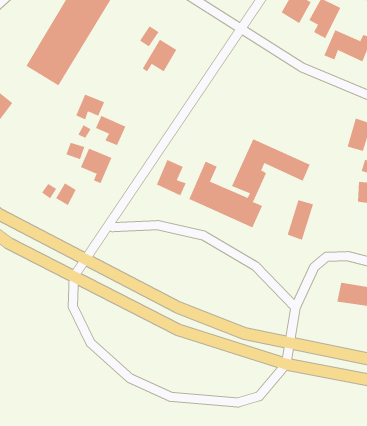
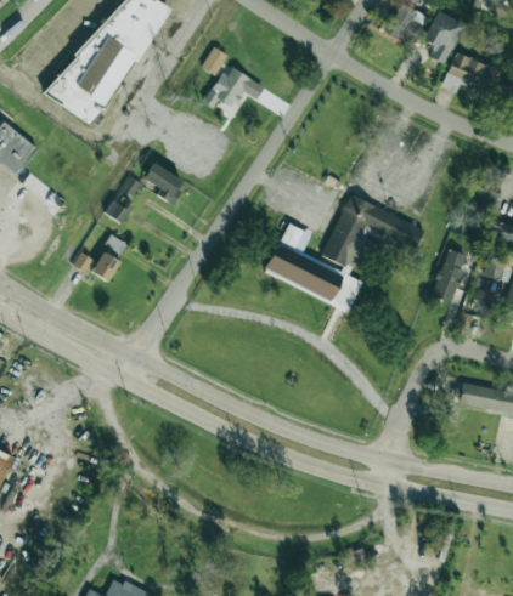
building: [75,94,105,120] -> none
building: [80,148,112,184] -> none
building: [156,159,187,196] -> none
building: [287,199,314,240] -> [432,249,467,302]

